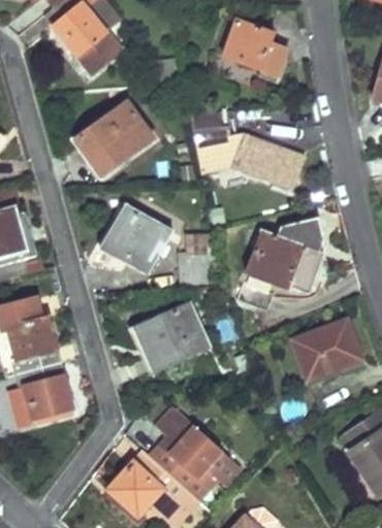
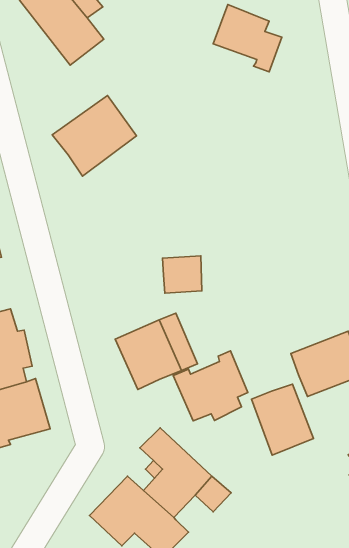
building: [189,111,304,189] -> none
building: [100,204,173,274] -> none
building: [236,218,323,309] -> none
building: none -> [173,351,248,421]
building: none -> [251,384,313,455]

